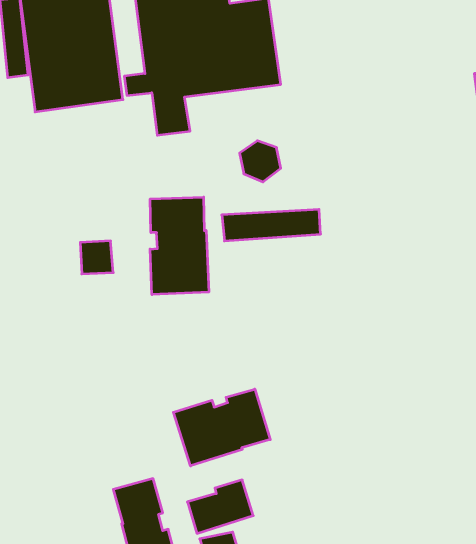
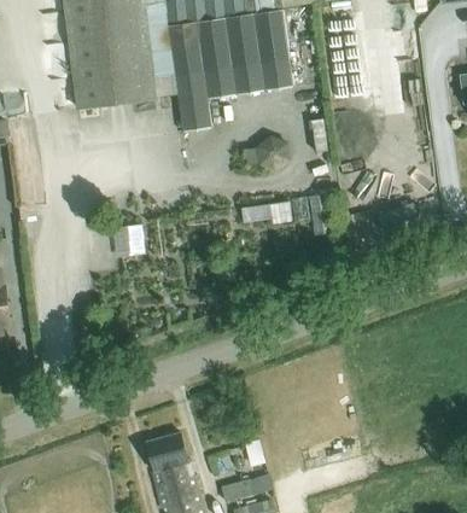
building: [150,197,209,295] -> none
building: [173,389,270,466] -> none

